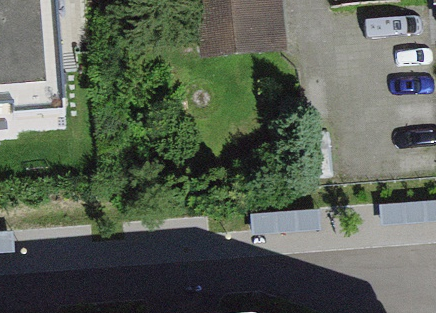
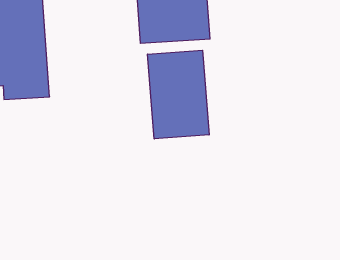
building: none -> [148,50,209,139]

